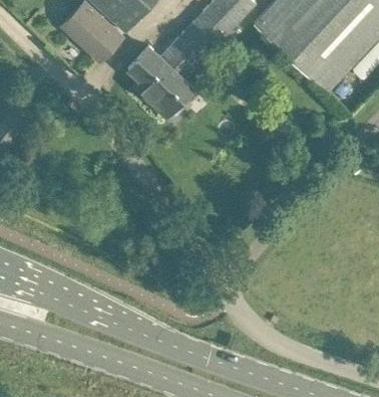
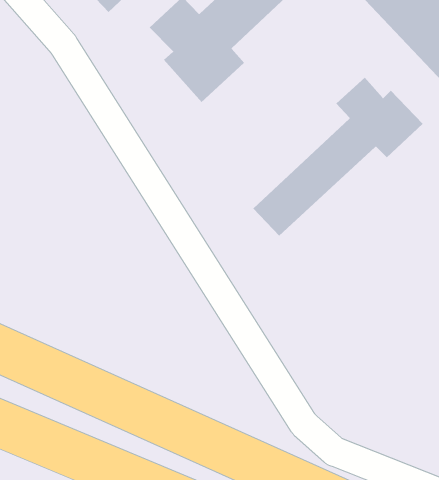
building: none -> [252,77,424,236]

